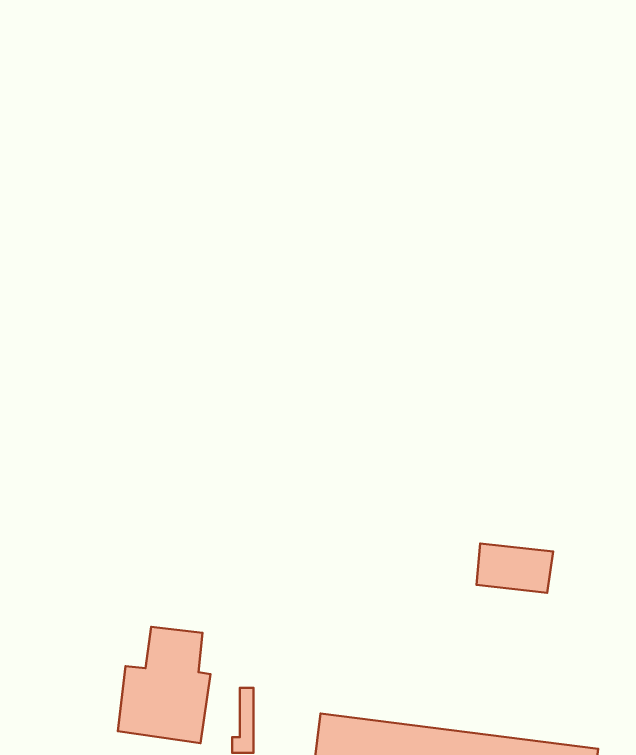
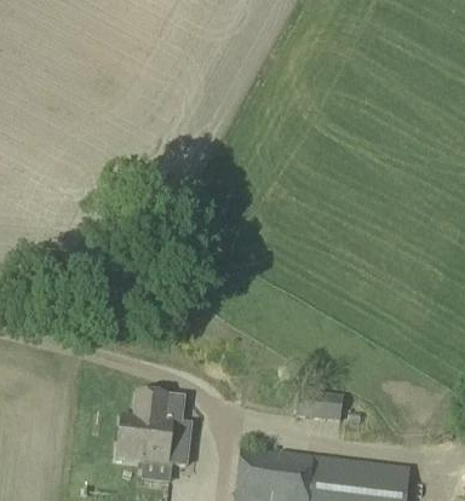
building: [476,544,553,593] -> [297,390,344,420]

